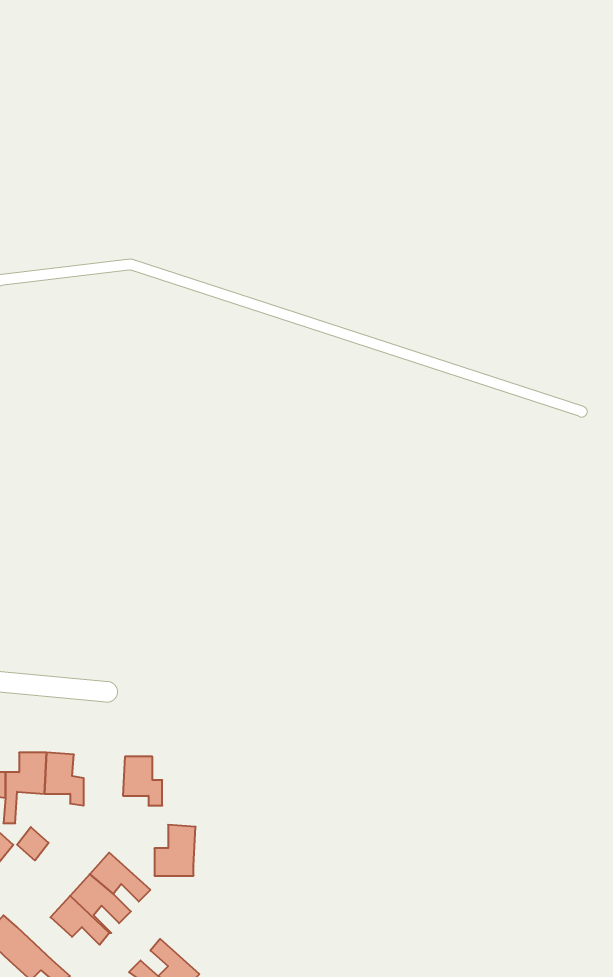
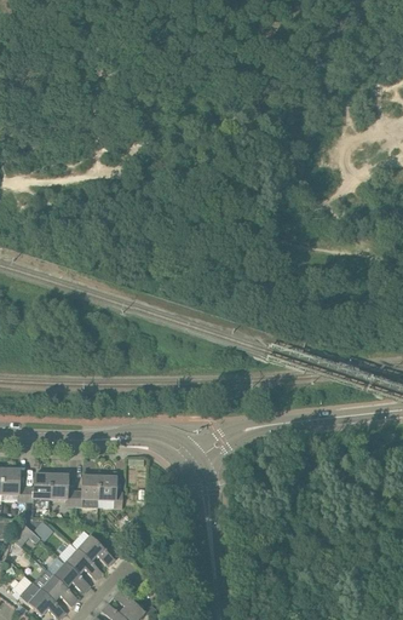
building: [154,825,196,876] -> [75,473,100,505]
building: none -> [34,567,79,604]

